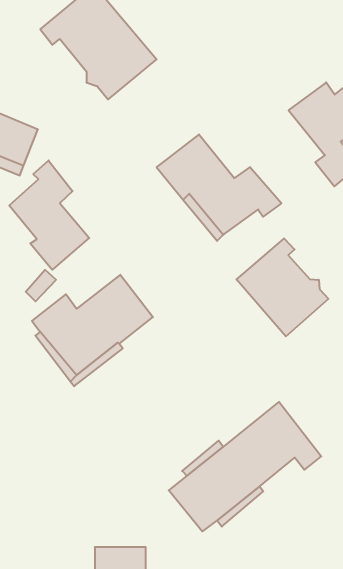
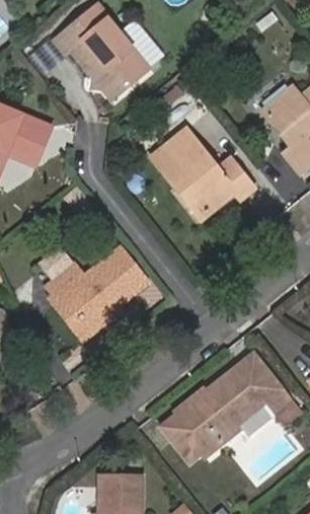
building: [9,160,89,270] -> none
building: [236,238,328,336] -> none

